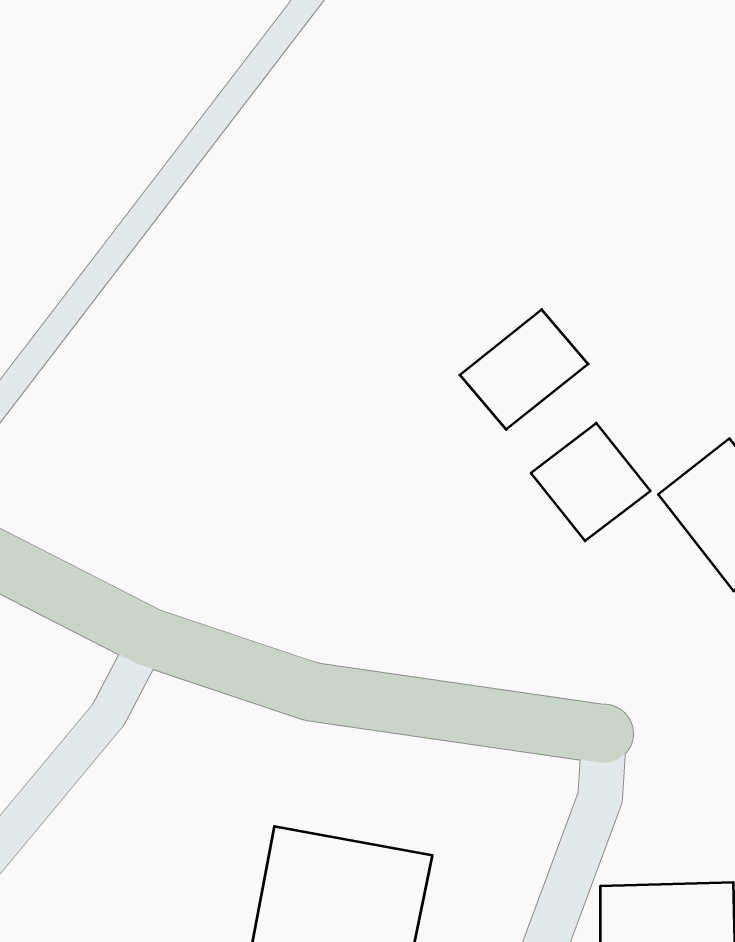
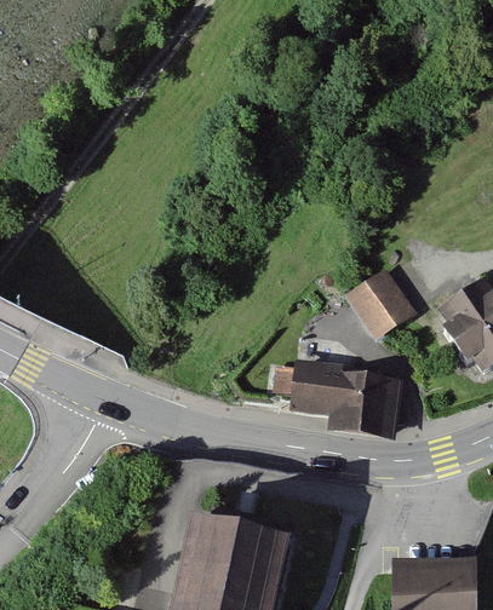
building: [460,309,588,430] -> none
building: none -> [293,351,402,436]

